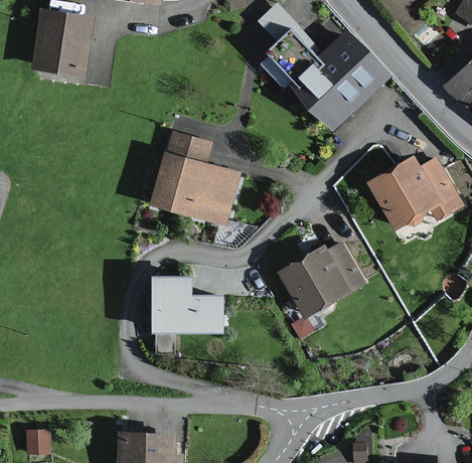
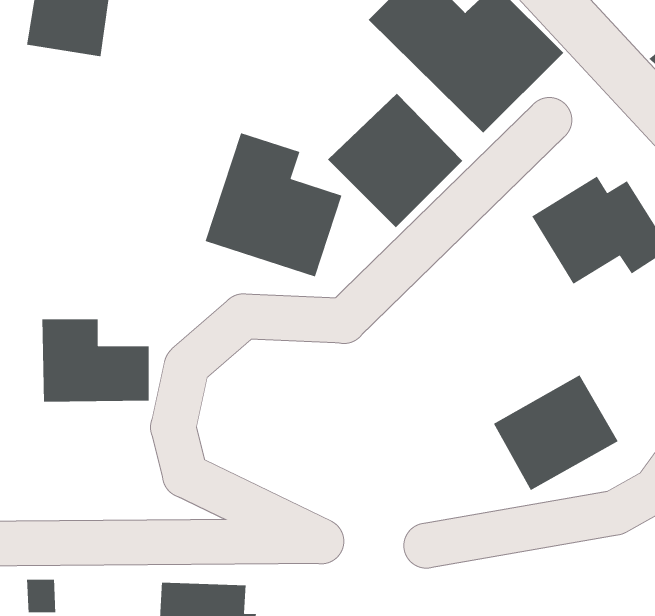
building: none -> [327,93,463,228]
building: [280,240,364,318] -> [493,374,619,491]
building: [148,278,220,334] -> [42,319,149,403]

